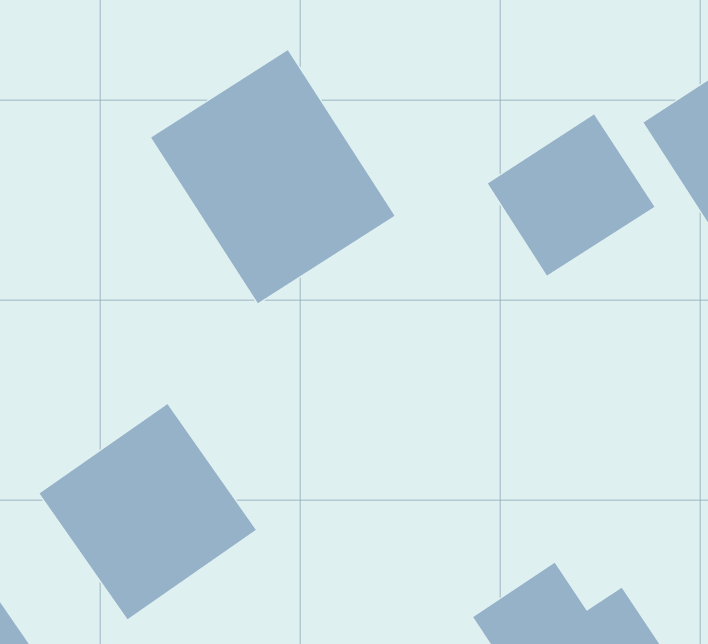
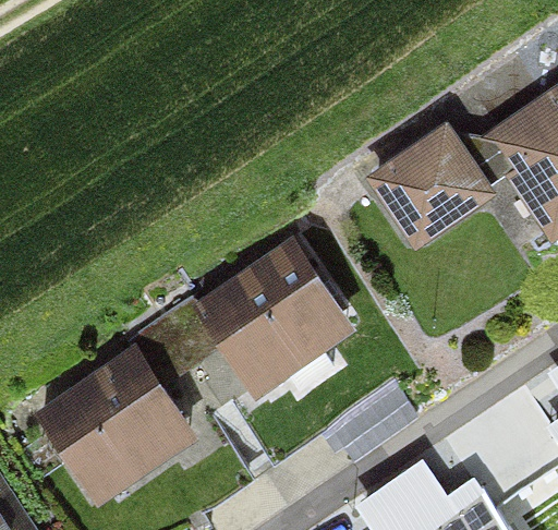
building: [150,49,395,304] -> none
building: none -> [189,237,351,397]

